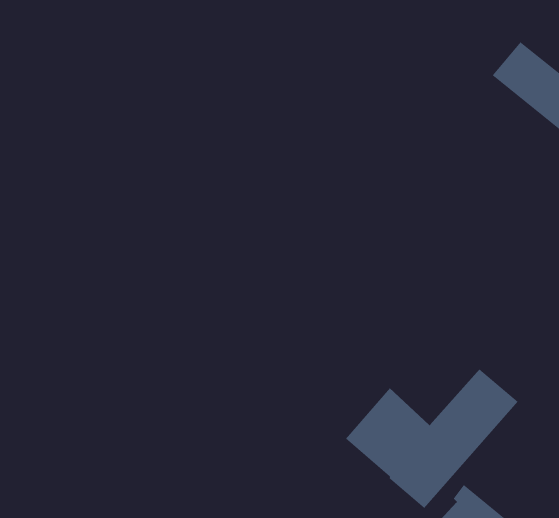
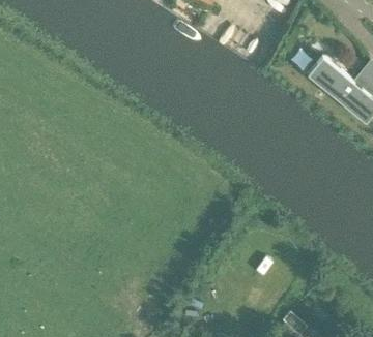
building: [345,368,518,509] -> none

